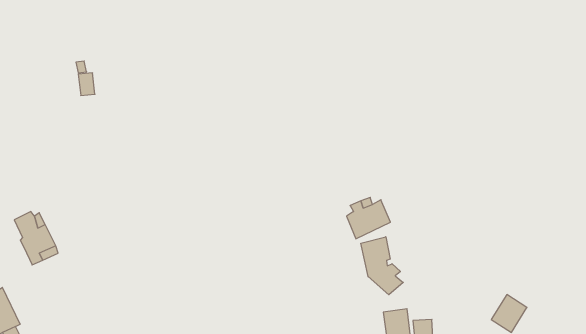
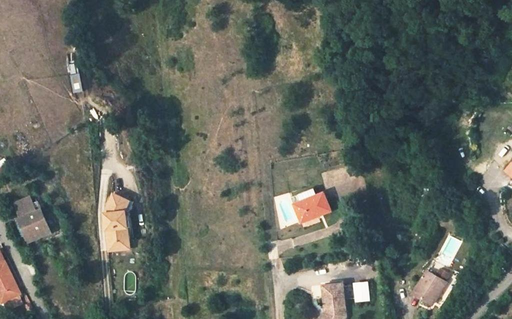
building: none -> [104,190,129,247]
building: [361,237,403,295] -> none

